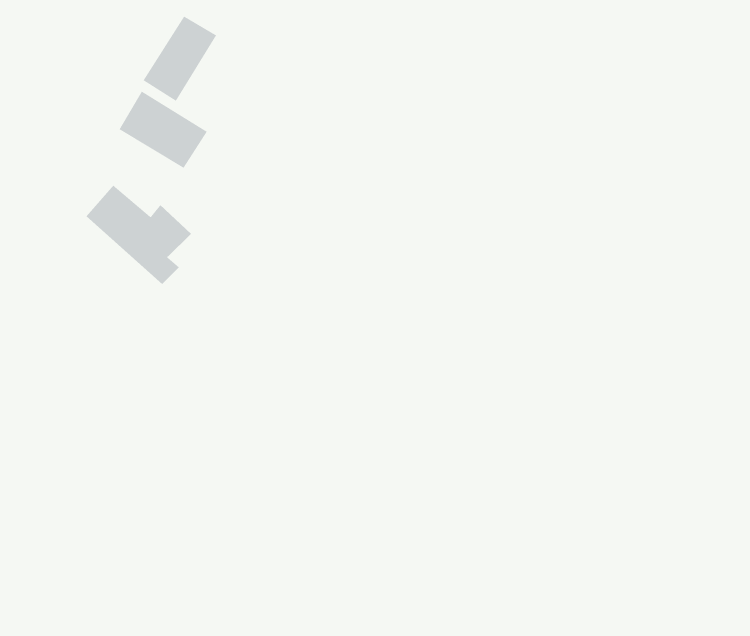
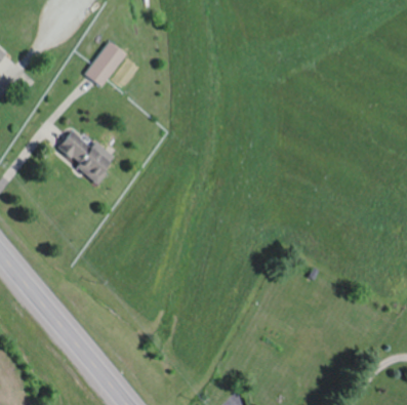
building: [118,90,208,169] -> none

